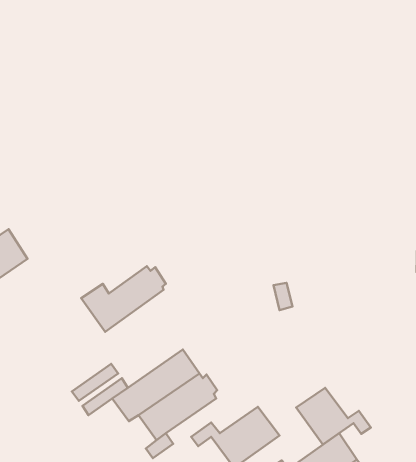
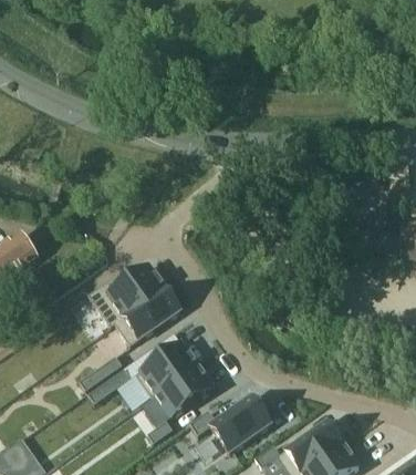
building: none -> [110,287,180,345]
building: [296,388,371,444] -> none

